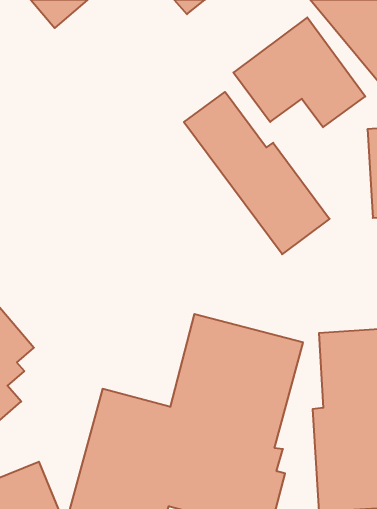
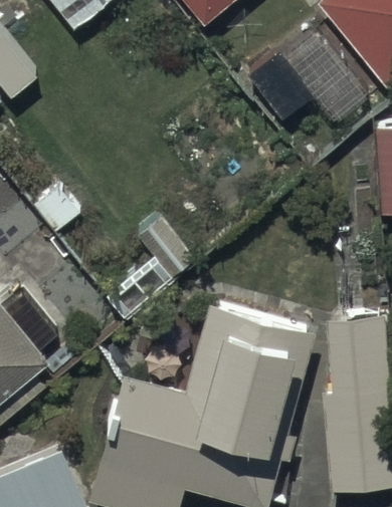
building: [184,92,330,254] -> none

